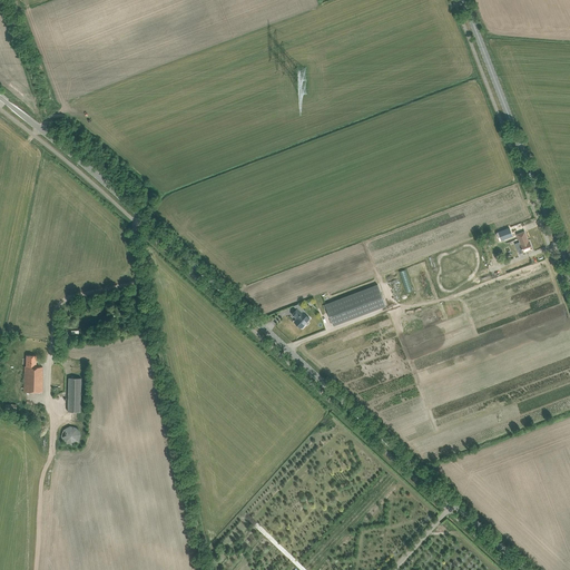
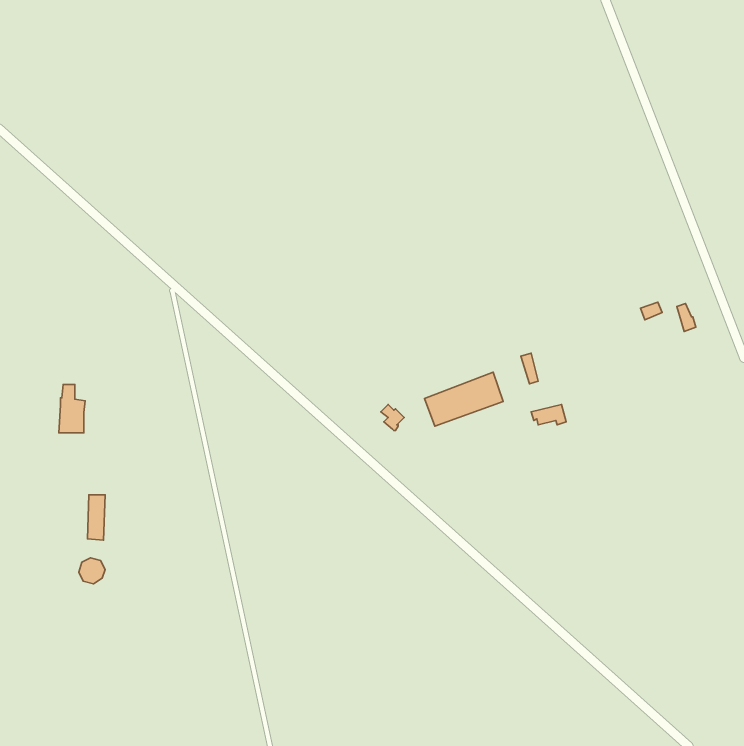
building: [22,355,42,392] -> [59,385,85,433]

